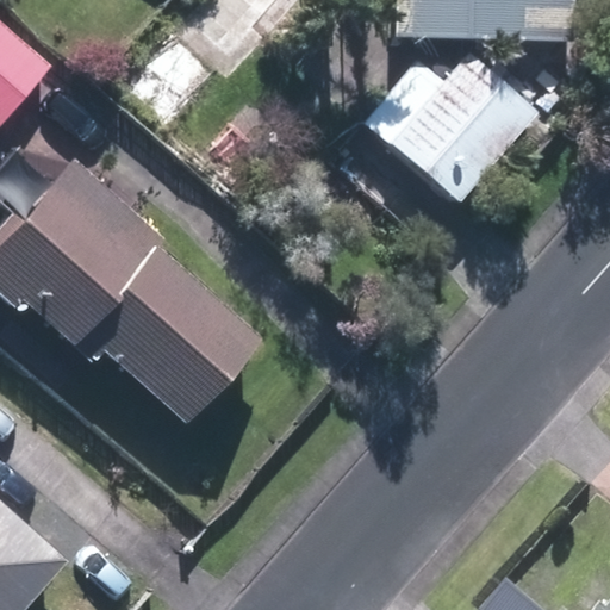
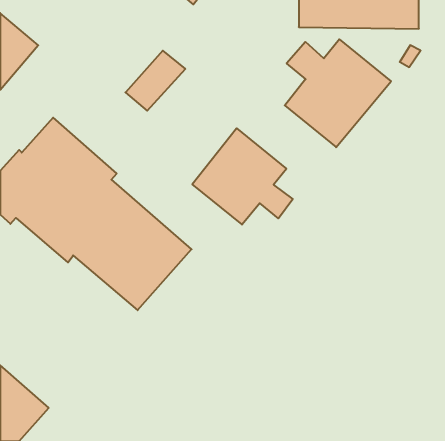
building: none -> [192,128,293,225]

